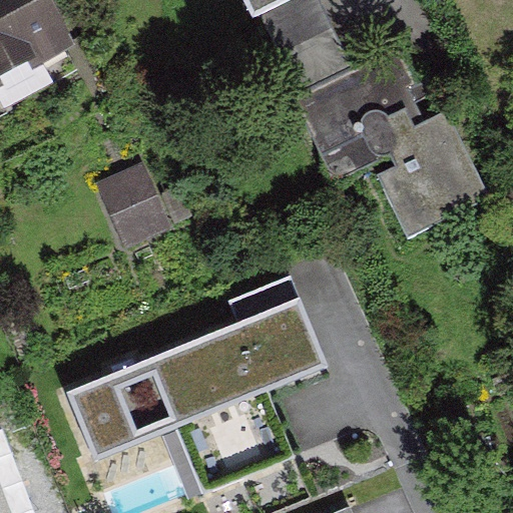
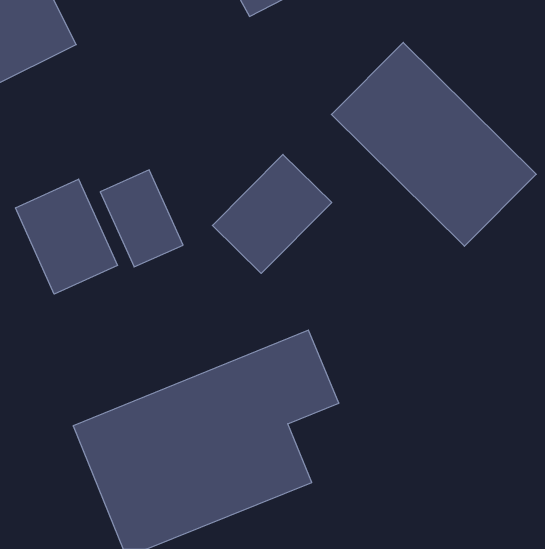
building: none -> [212,154,332,273]
building: none -> [16,179,117,294]

